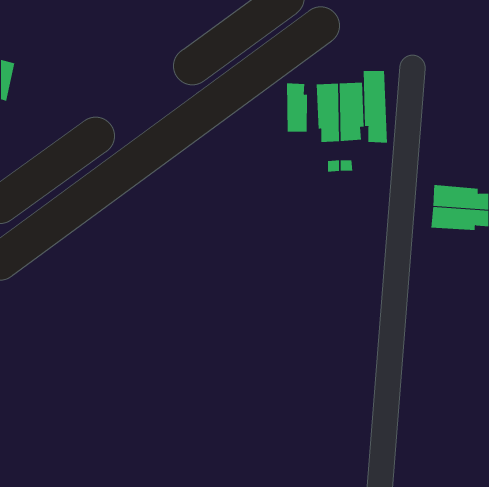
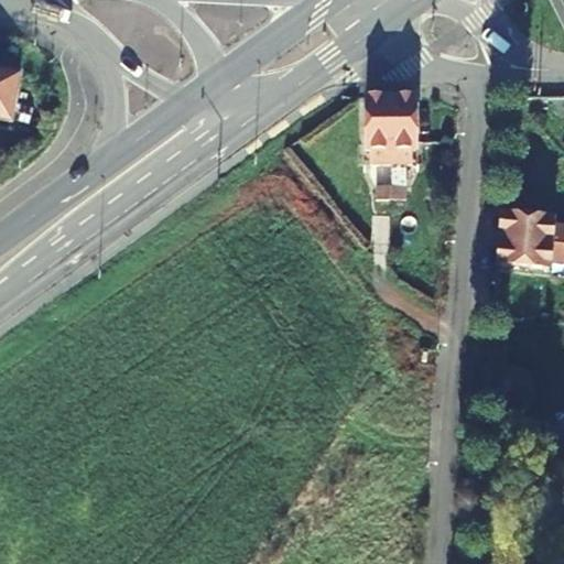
building: [363,70,388,144] -> none
building: [287,82,307,133] -> none

